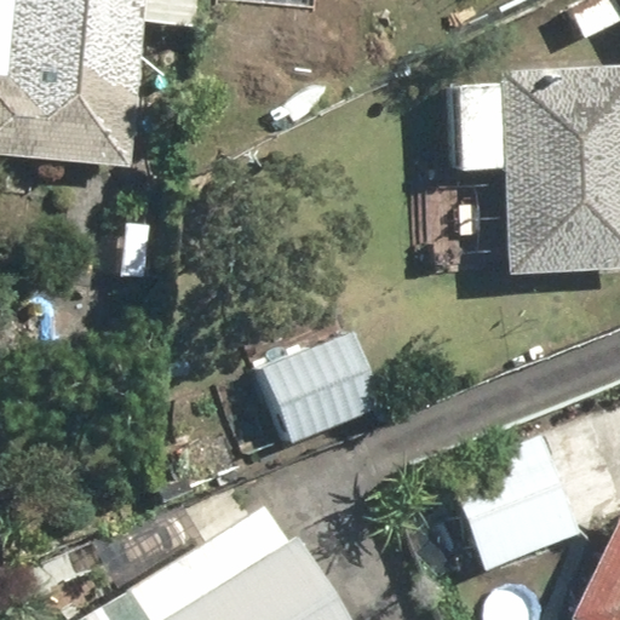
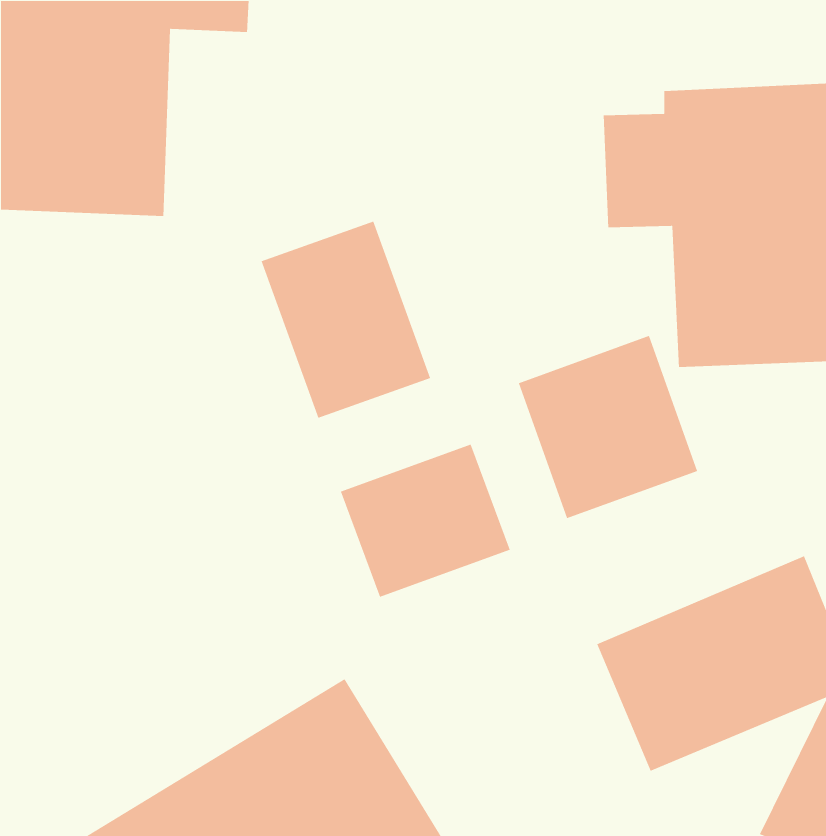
building: none -> [261,221,431,419]
building: none -> [518,335,698,519]

